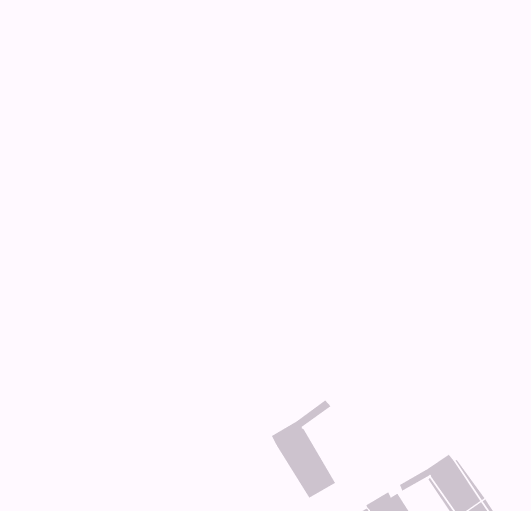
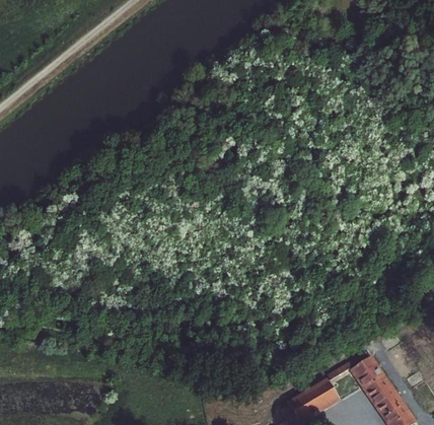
building: [271,399,336,498] -> none

